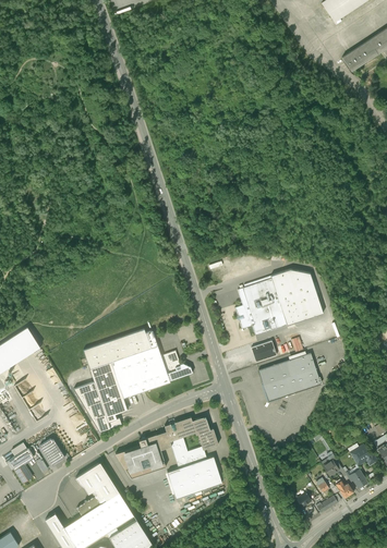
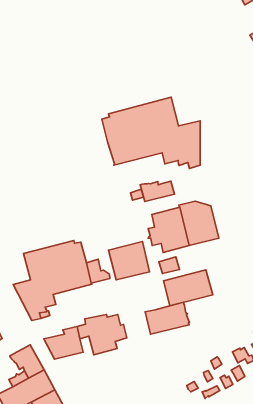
building: none -> [102,97,200,168]
building: none -> [140,181,174,202]
building: none -> [108,242,150,280]
building: [167,456,222,499] -> [145,302,190,334]

